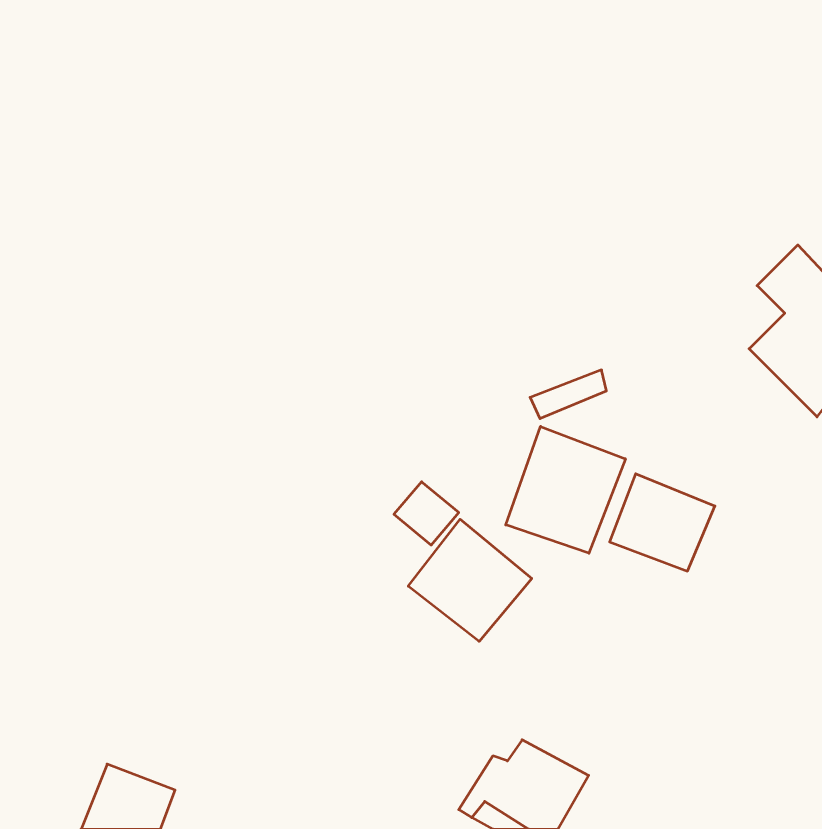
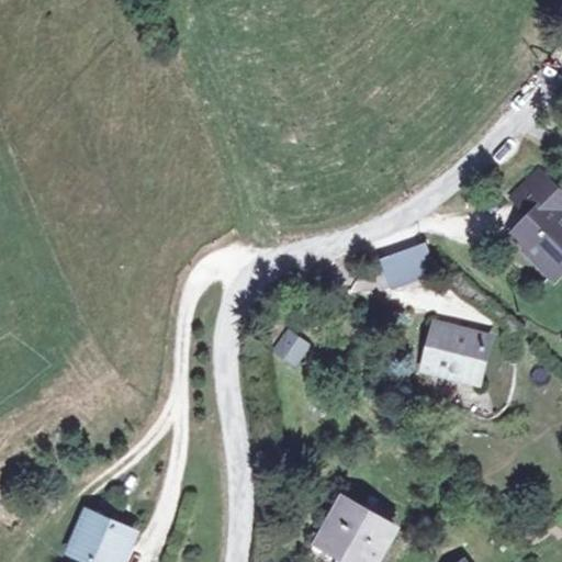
building: [506,426,625,553] -> none
building: [408,519,532,641] -> none

